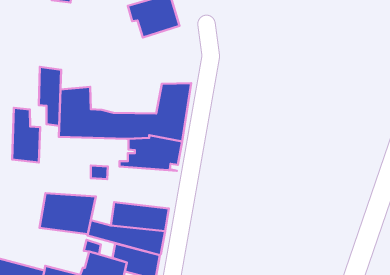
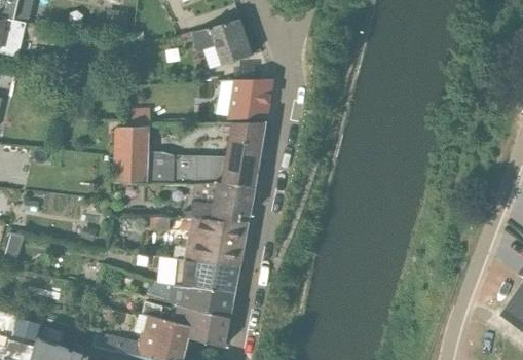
building: none -> [215,80,272,121]
building: [39,67,61,126] -> none
building: [12,108,40,162] -> none
building: [39,193,96,234] -> [184,219,249,266]

